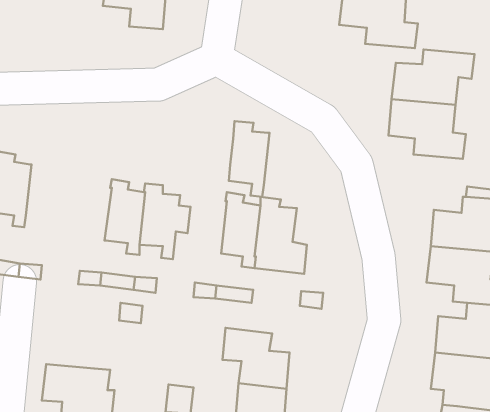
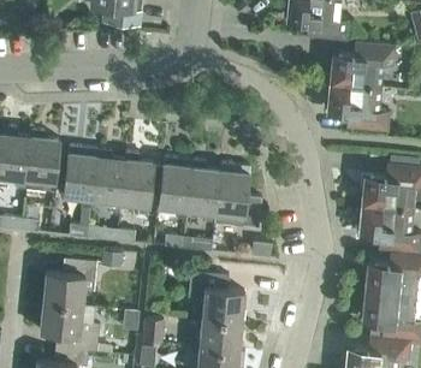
building: [229,121,270,197] -> [159,158,192,220]
building: none -> [26,130,60,192]
building: none -> [63,147,97,209]
building: none -> [43,260,97,305]

